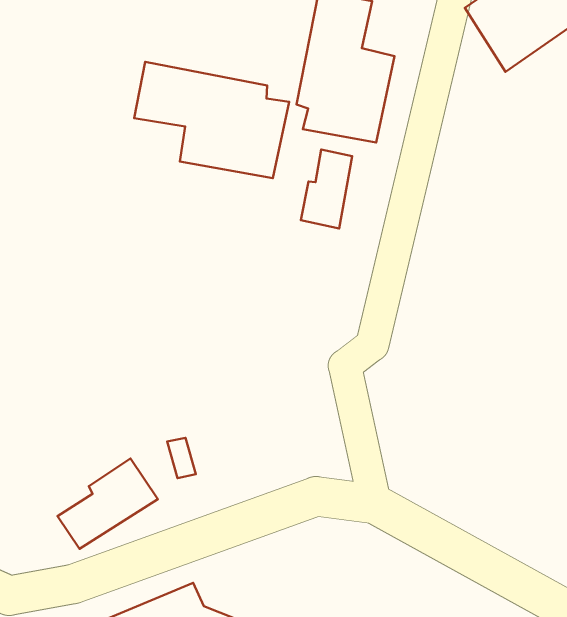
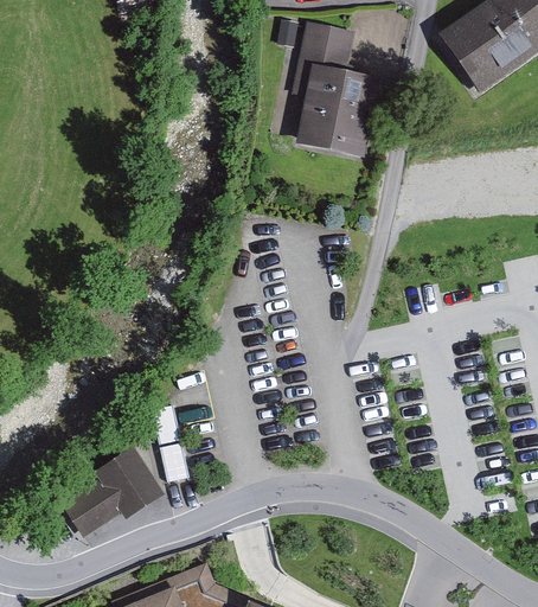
building: [134,62,289,178] -> none
building: [301,150,352,228] -> none

